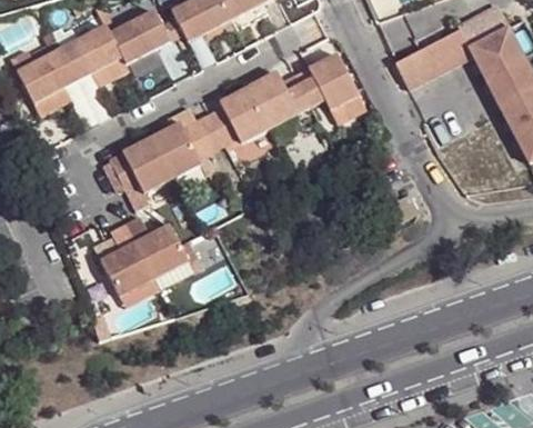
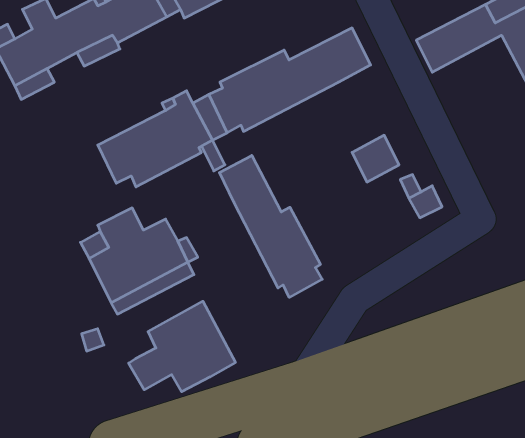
building: [324,84,366,127] -> [352,135,399,182]
building: none -> [219,155,322,297]
building: none -> [129,301,235,392]

